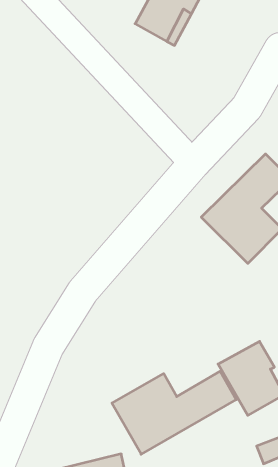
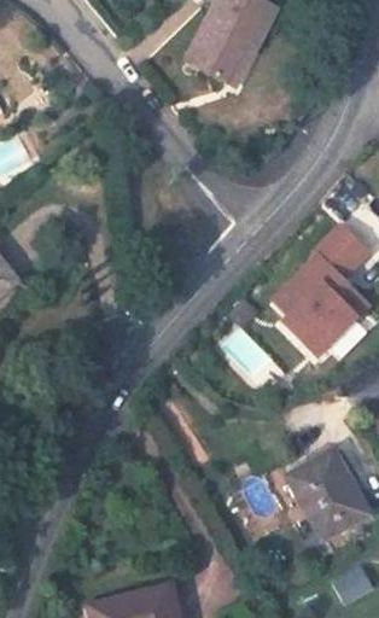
building: [112,371,236,454] -> none

